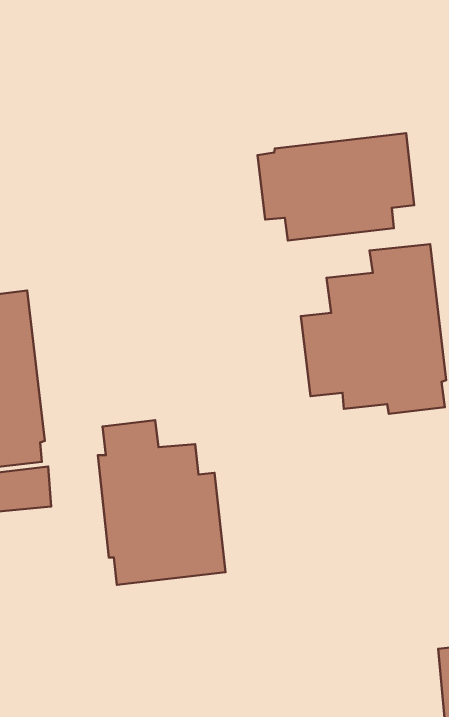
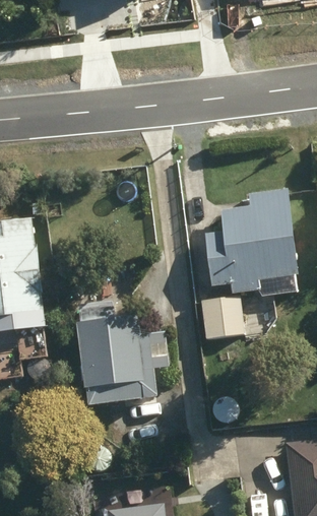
building: [258,133,414,240] -> none
building: none -> [202,297,244,340]

